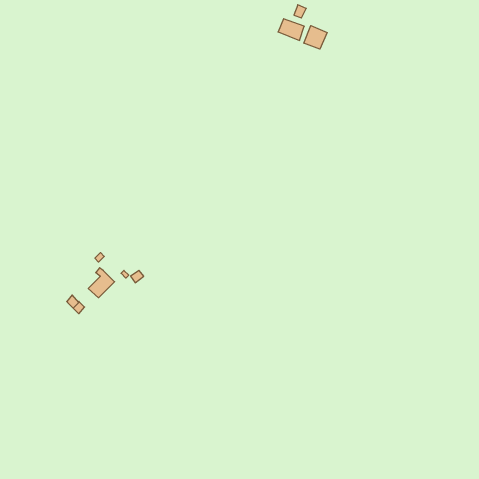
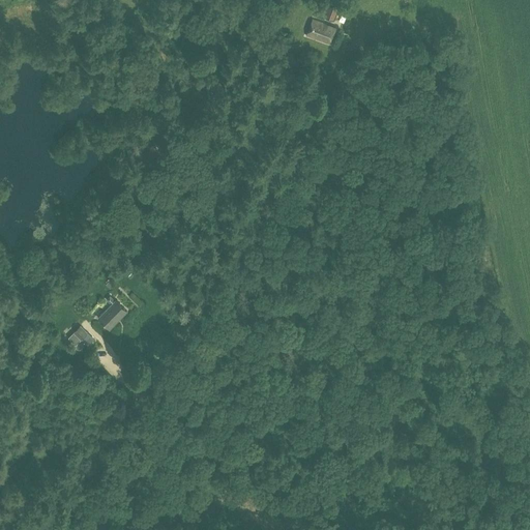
building: [304,26,327,49] -> none

